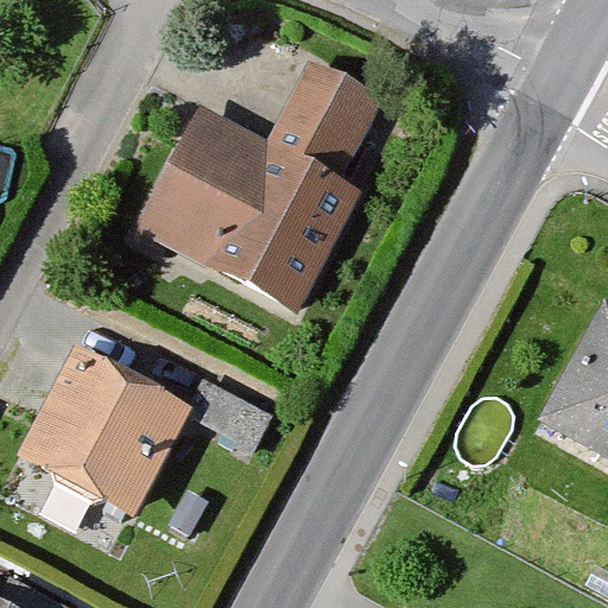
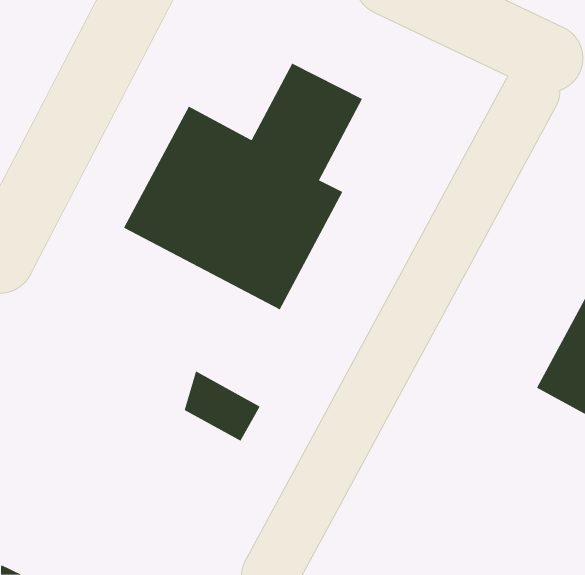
building: [18,352,194,524] -> none

